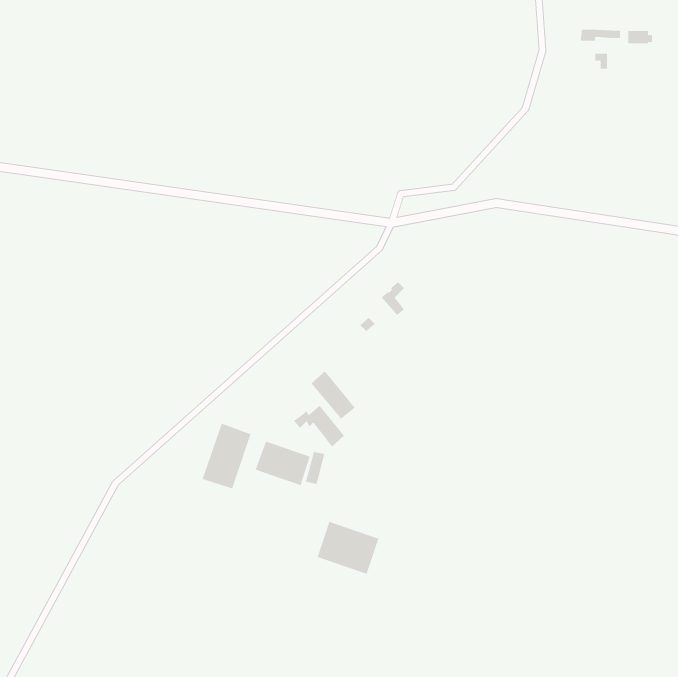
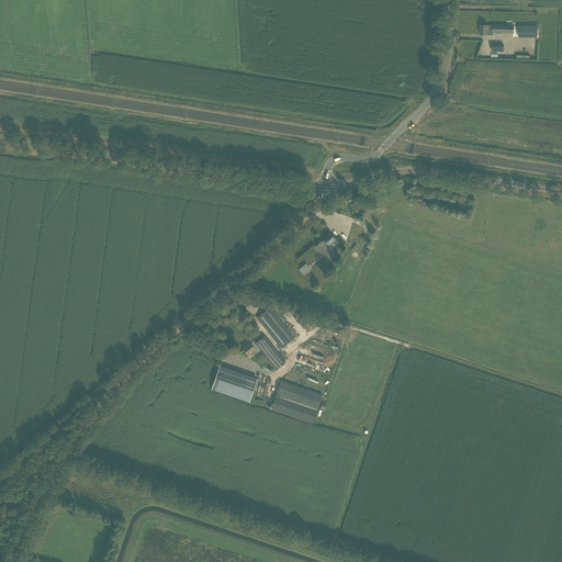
building: [202,423,251,489] -> none
building: [317,521,379,574] -> [271,379,323,423]

